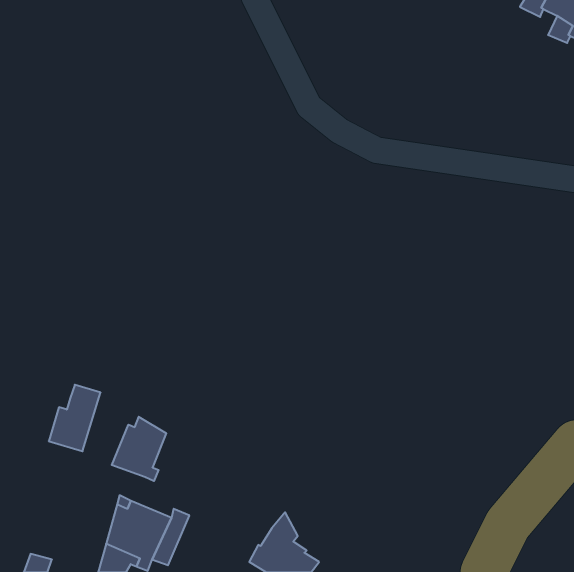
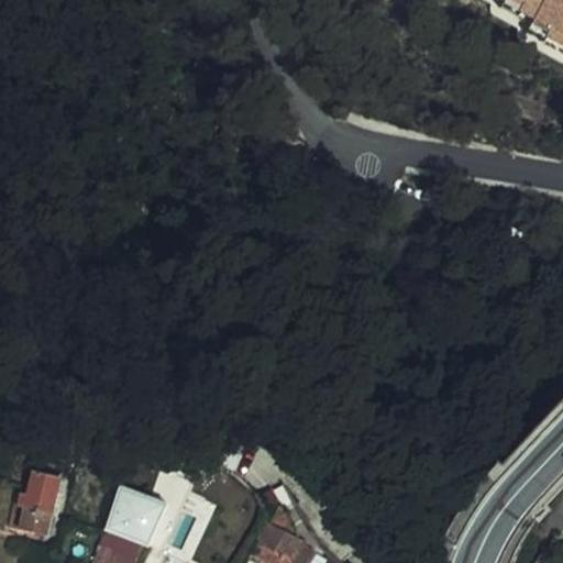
building: [49,385,101,451] -> [11,470,62,534]
building: [112,417,166,481] -> none

